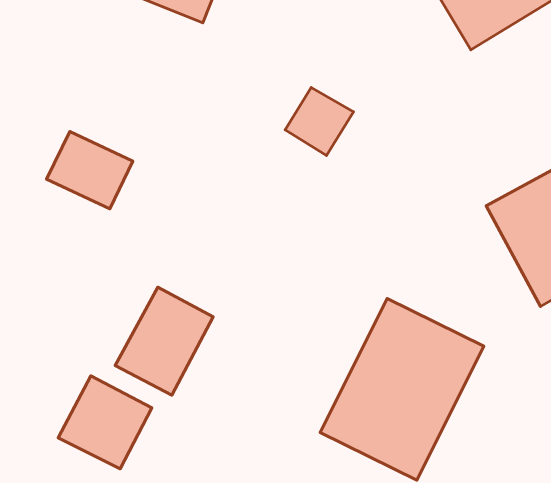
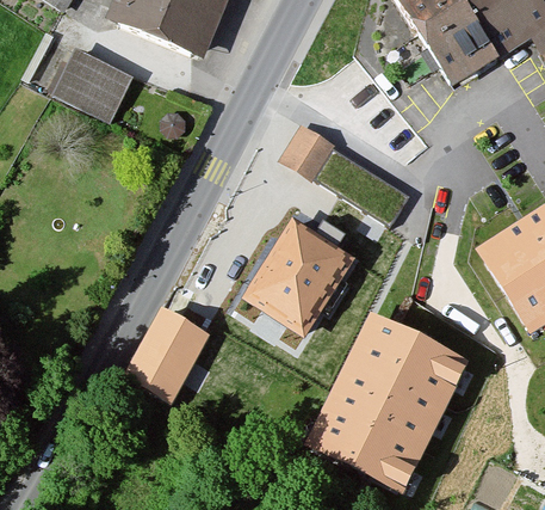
building: [47,132,133,209] -> [55,45,135,117]
building: none -> [242,220,357,339]
building: [58,376,152,469] -> none

